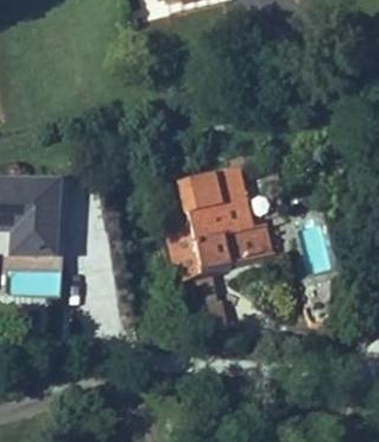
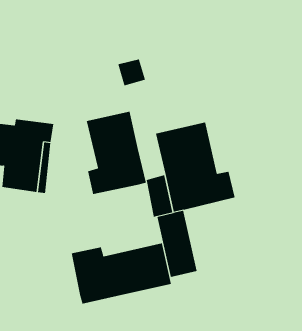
building: none -> [86,111,147,195]
building: none -> [71,242,172,305]

